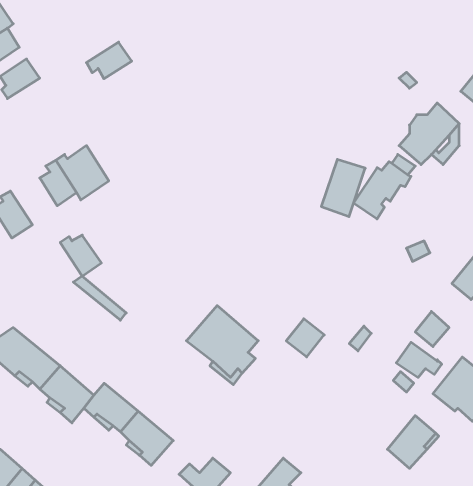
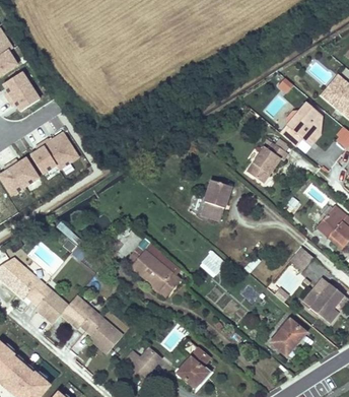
building: [86,42,132,79] -> [7,84,39,110]
building: [321,159,365,217] -> [200,180,230,219]
building: [60,235,101,276] -> [9,157,38,186]

